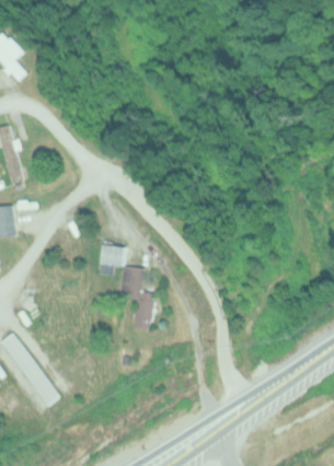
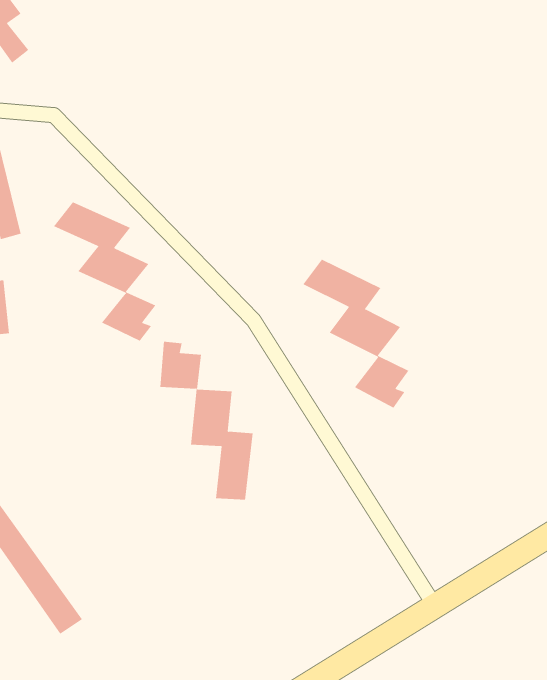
building: none -> [53,202,156,342]
building: none -> [303,259,409,408]

